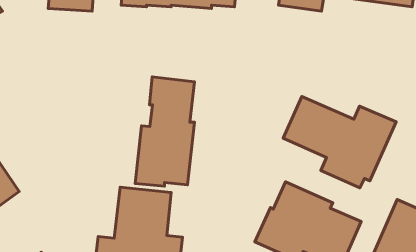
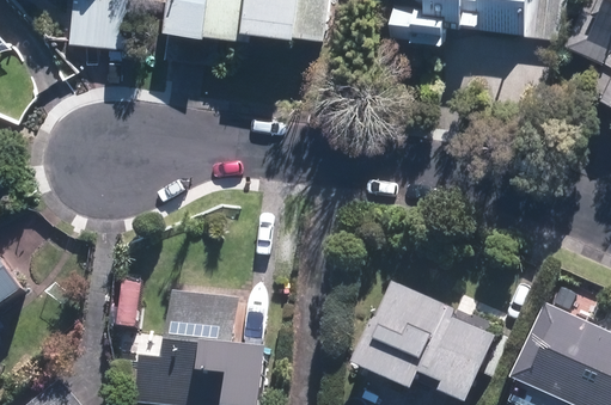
building: [135,77,195,186] -> none
building: [283,97,396,188] -> none

